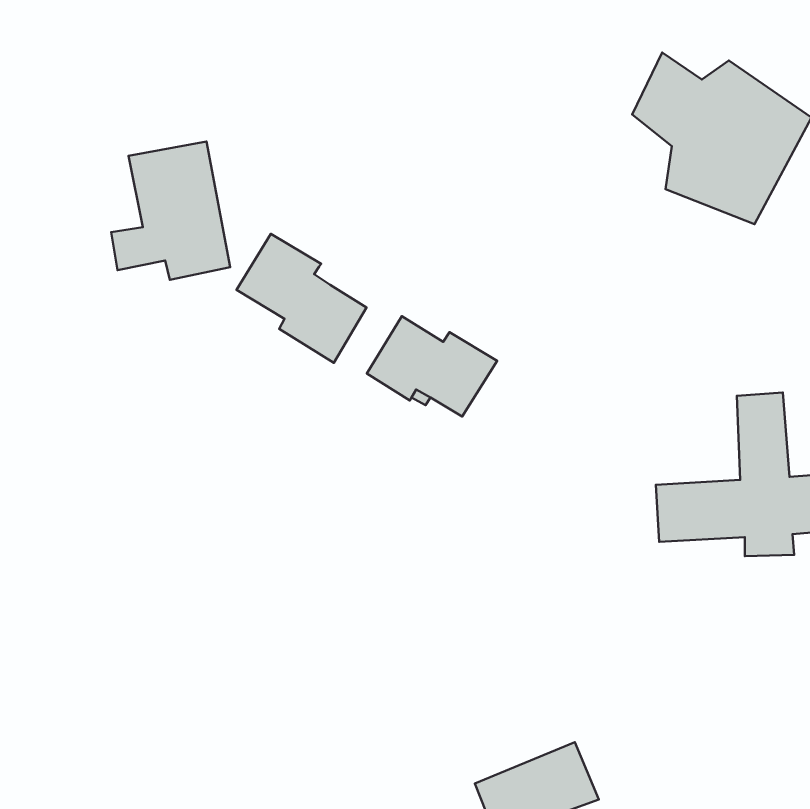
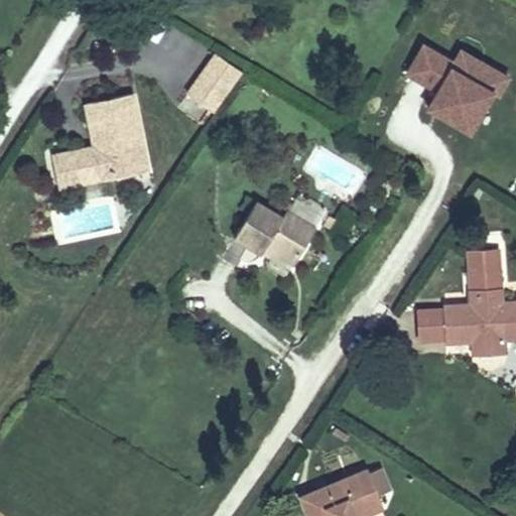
building: none -> [189,54,242,112]
building: none -> [50,149,109,189]
building: [237,234,367,363] -> none

